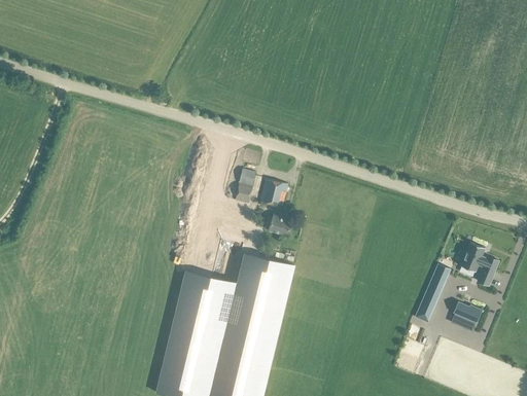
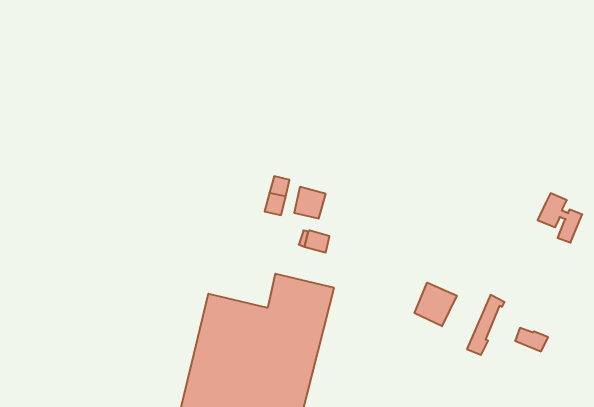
building: [460,242,499,285] -> [538,193,582,243]
building: none -> [414,283,457,326]

